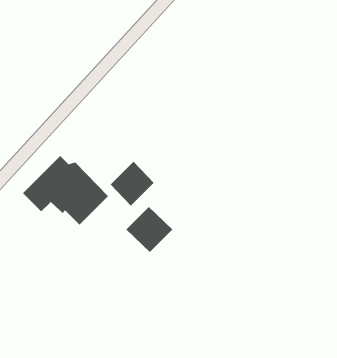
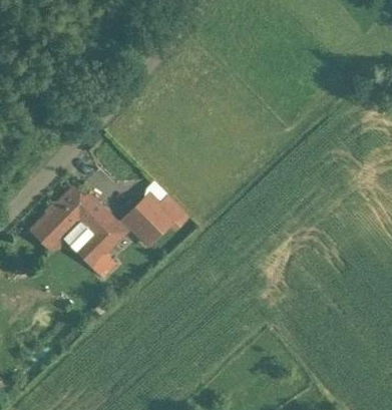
building: [125,206,173,253] -> none

